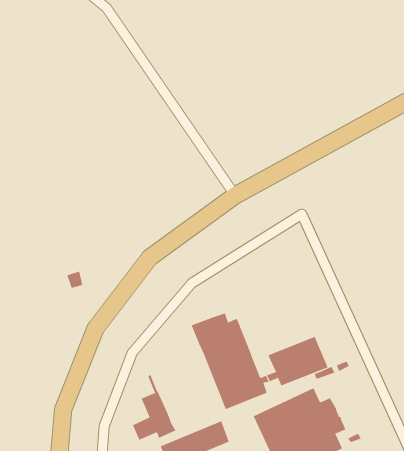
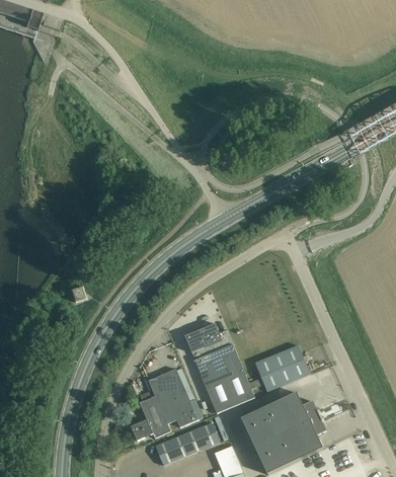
building: none -> [147,369,201,427]

